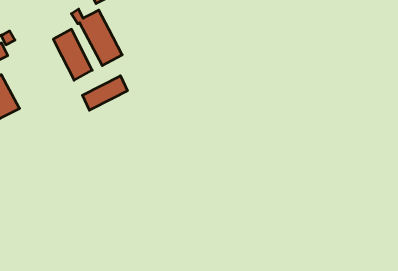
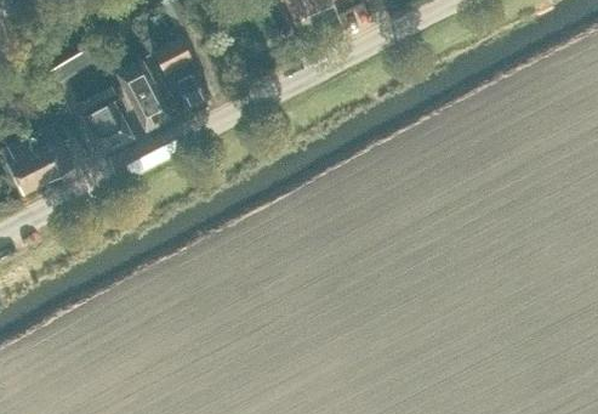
building: none -> [82,101,131,153]
building: [82,76,127,110] -> none

